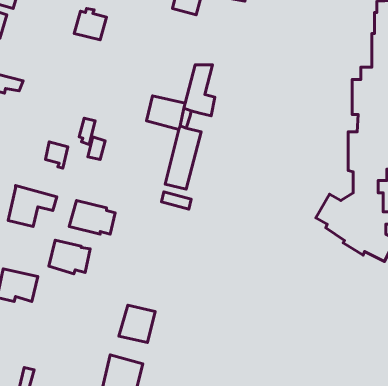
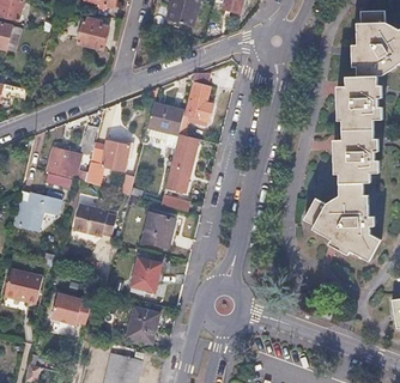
building: none -> [99,141,126,171]
building: none -> [135,211,168,247]
building: [49,240,90,274] -> [49,293,89,326]
building: none -> [129,257,159,290]

